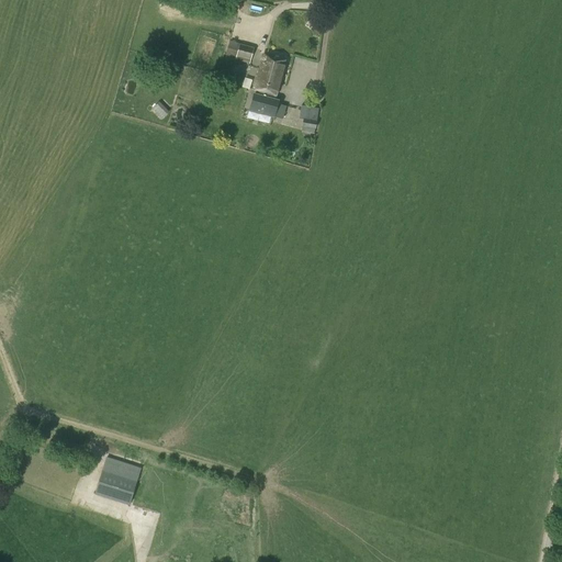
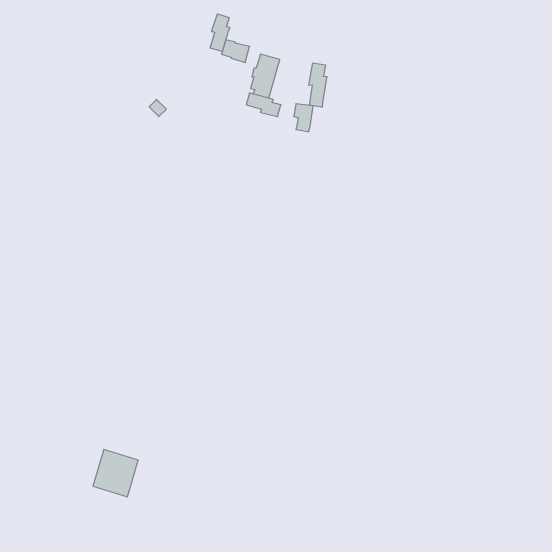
building: none -> [210,14,230,52]
building: none -> [309,63,327,107]

